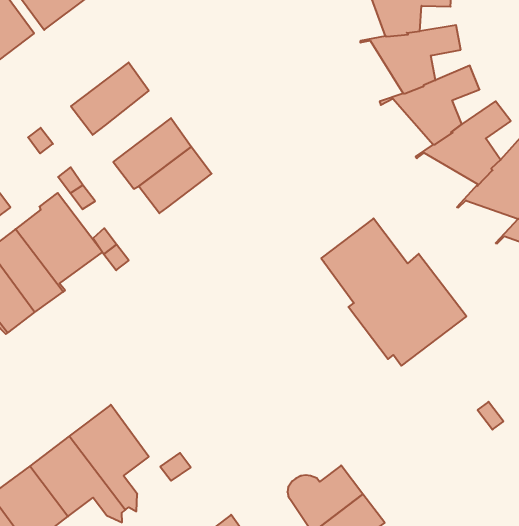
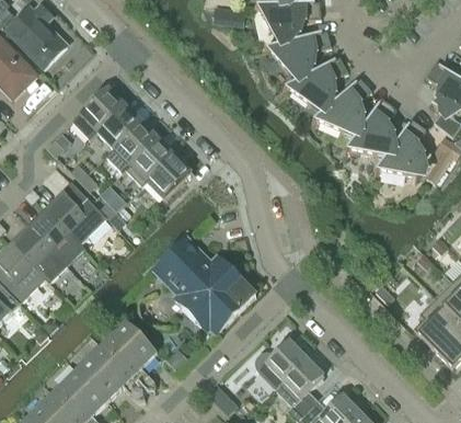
building: none -> [96,103,140,147]
building: none -> [146,153,191,198]
building: [321,218,466,366] -> [151,235,255,332]

